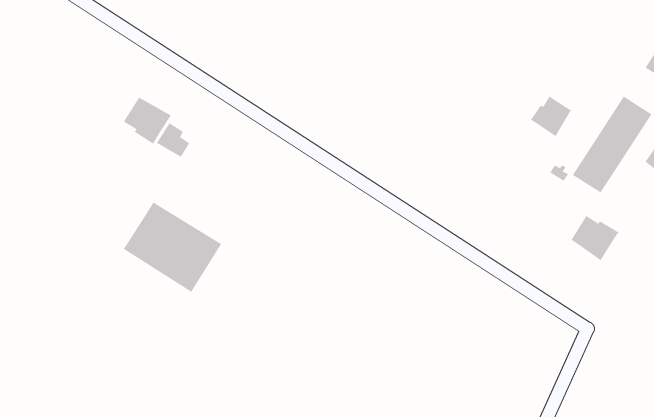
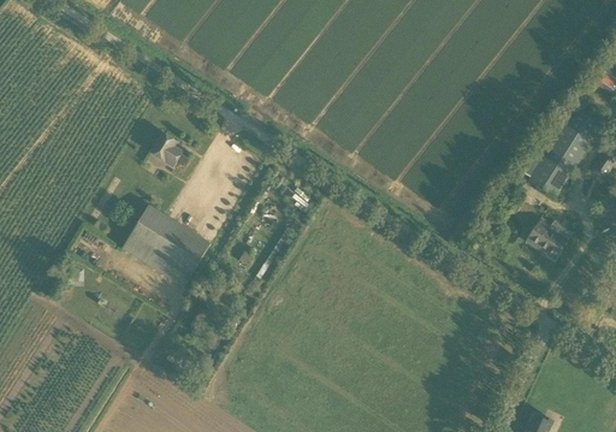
building: [530,95,572,137] -> none
building: [123,96,172,145] -> none

